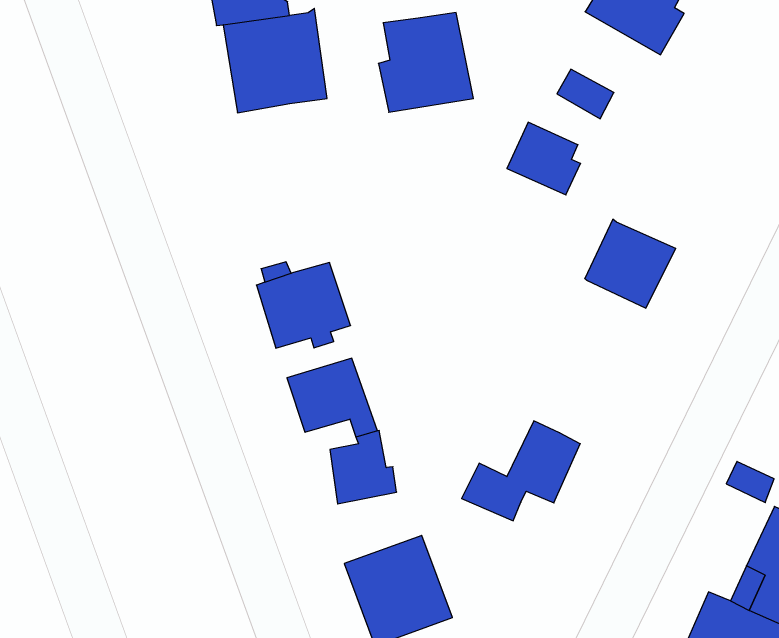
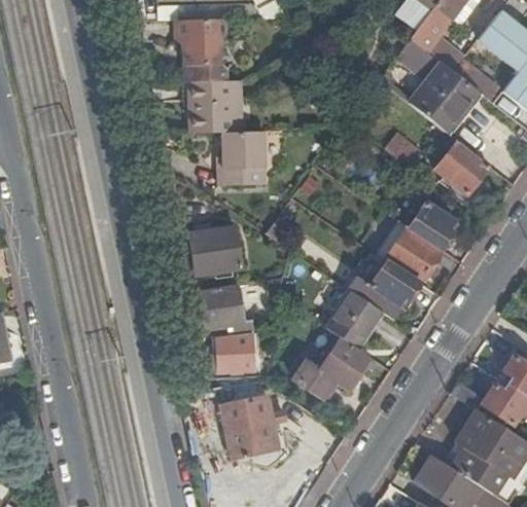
building: [378,13,473,112] -> [217,132,271,185]
building: none -> [435,140,490,195]
building: [507,122,581,195] -> [408,204,452,250]
building: none -> [370,261,418,305]
building: none -> [329,293,382,349]

